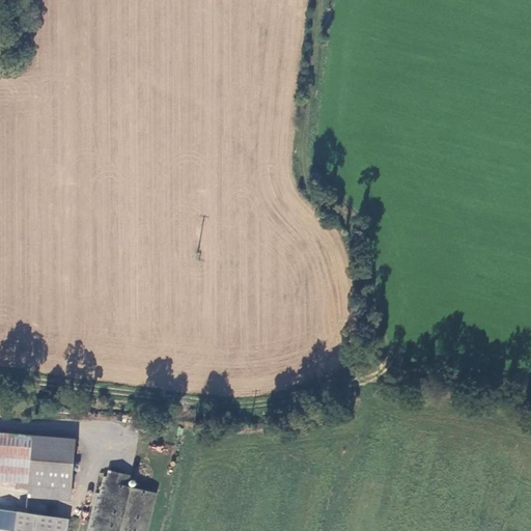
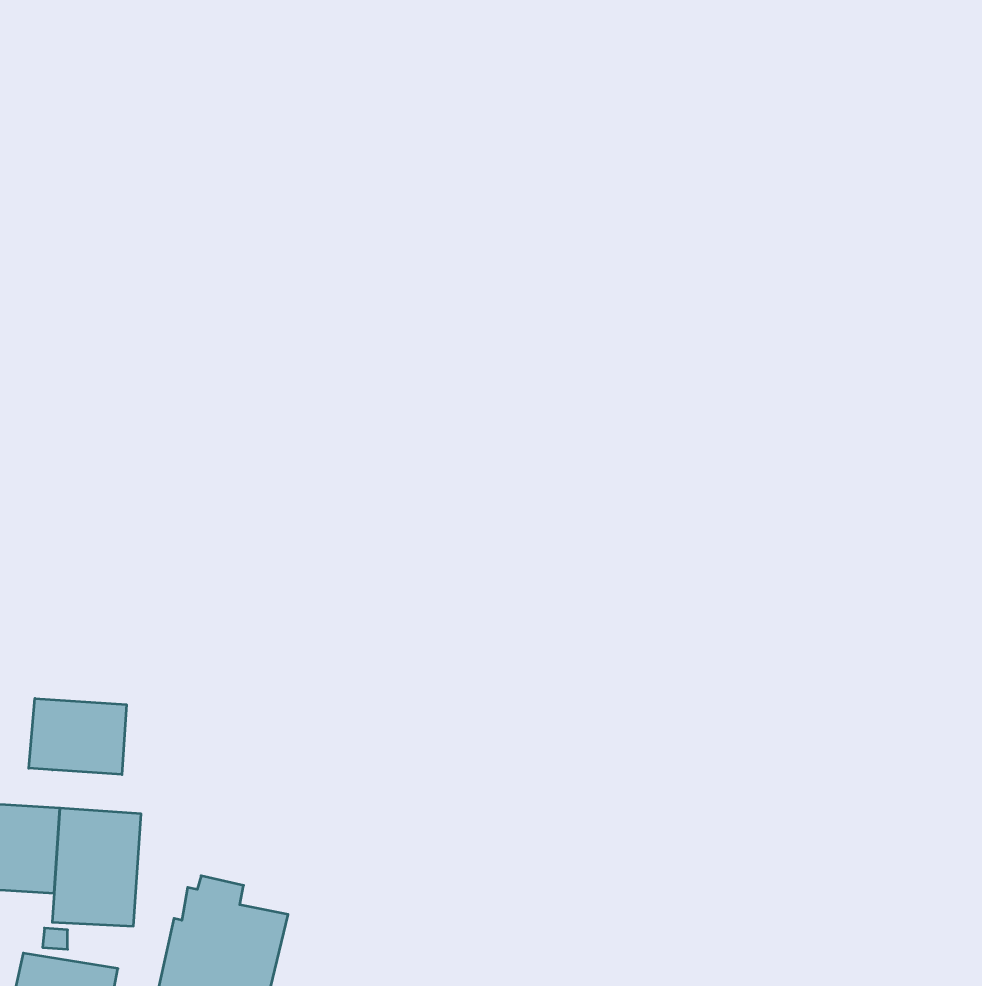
building: none -> [29,698,126,775]

